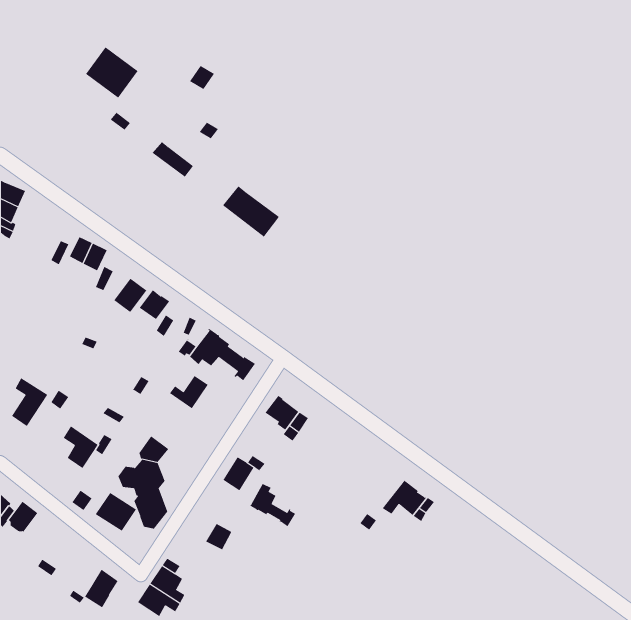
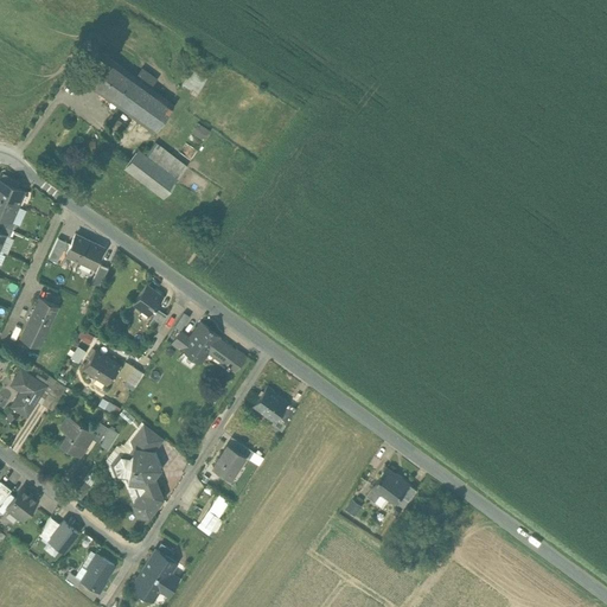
building: none -> [114,77,173,133]
building: [222,186,279,237] -> [123,149,178,199]
building: [113,278,147,313] -> none
building: none -> [20,300,58,350]
building: none -> [83,351,120,385]
building: [169,375,209,409] -> none
building: [249,483,296,527] -> none
building: [95,492,137,532] -> [37,516,77,554]

